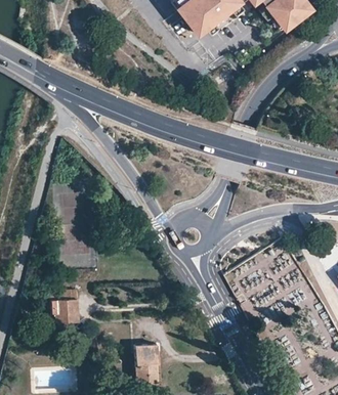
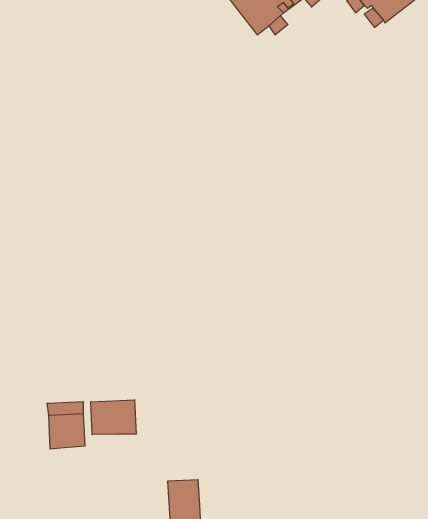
building: none -> [91,400,136,435]

